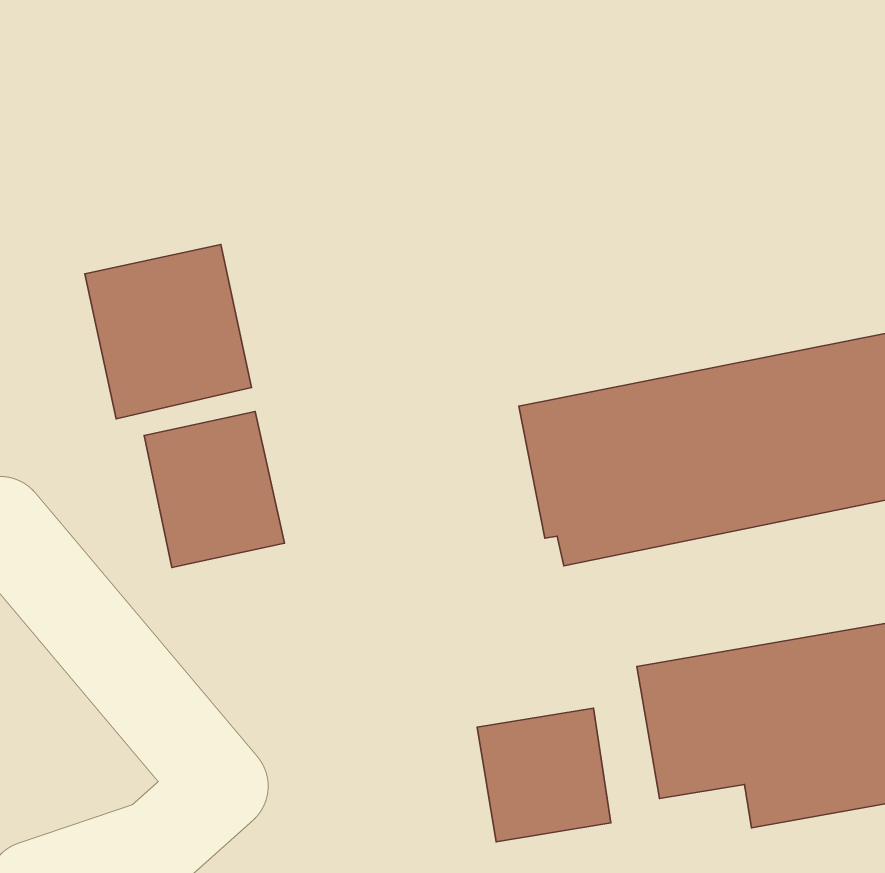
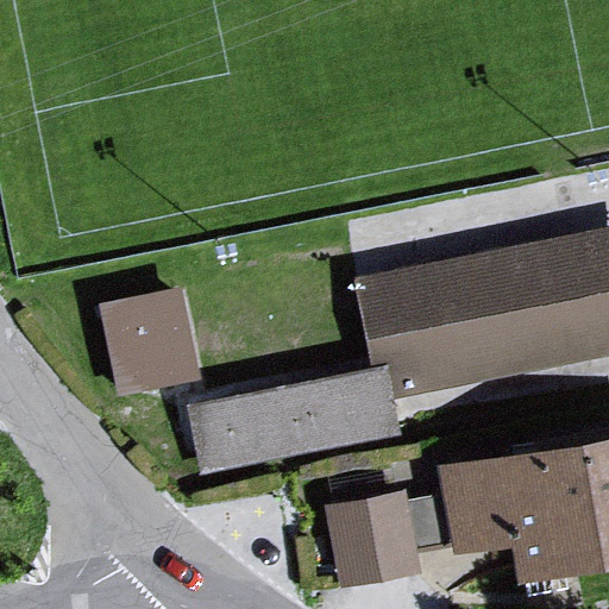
building: [85,245,252,419] -> none
building: none -> [193,377,394,469]

